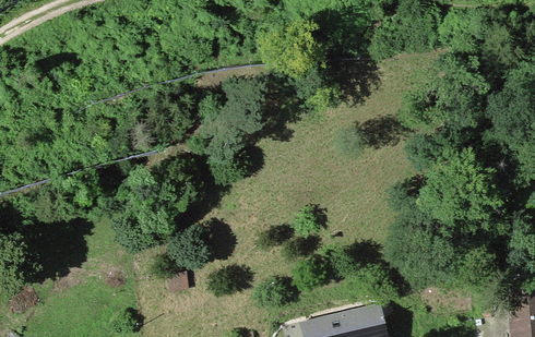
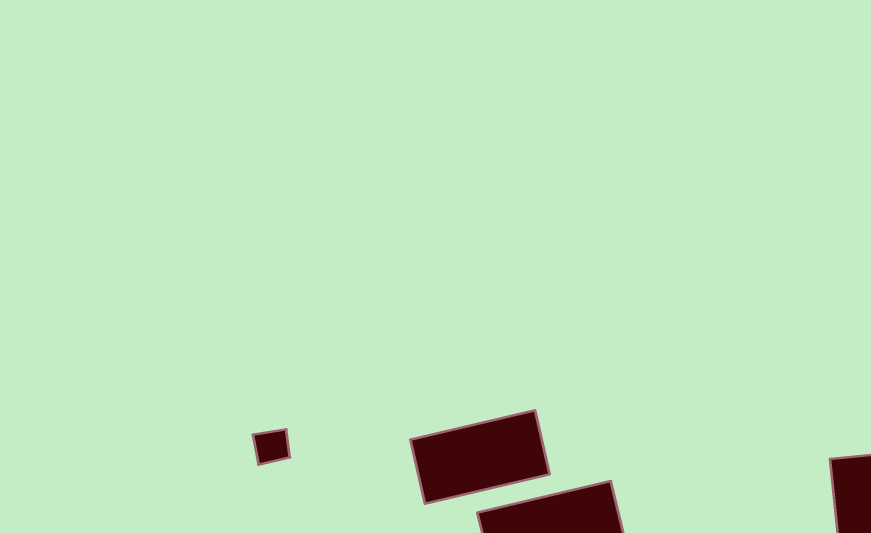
building: none -> [410,410,549,504]

